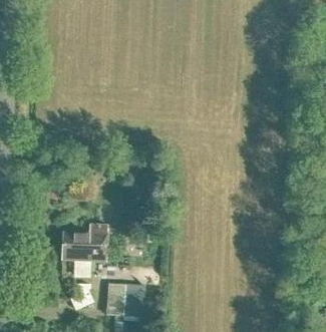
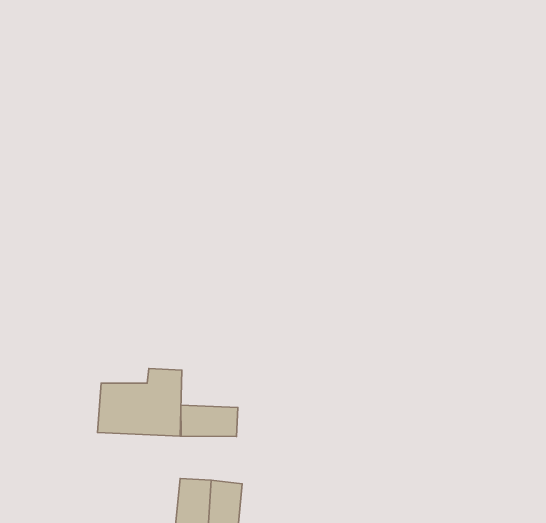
building: none -> [181,405,238,437]

